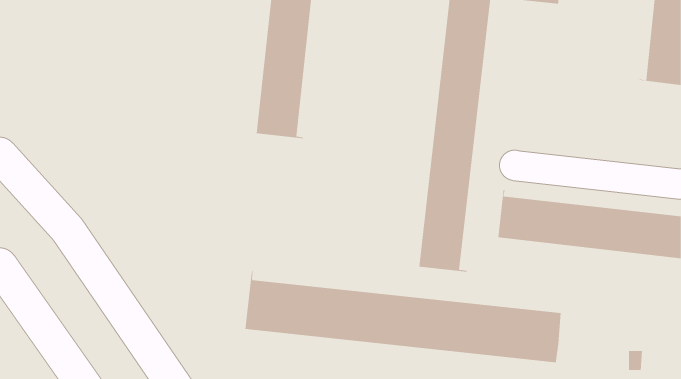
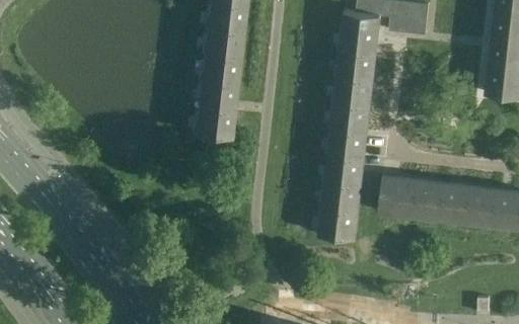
building: [245,269,561,363] -> none

